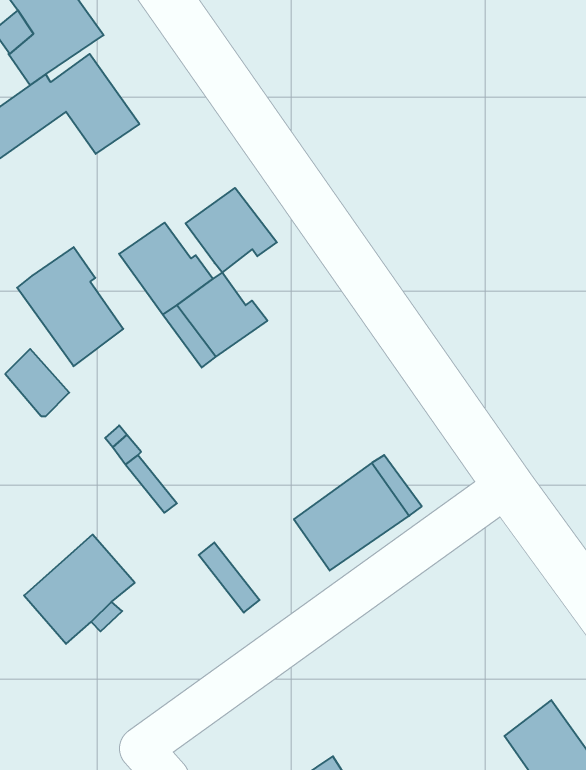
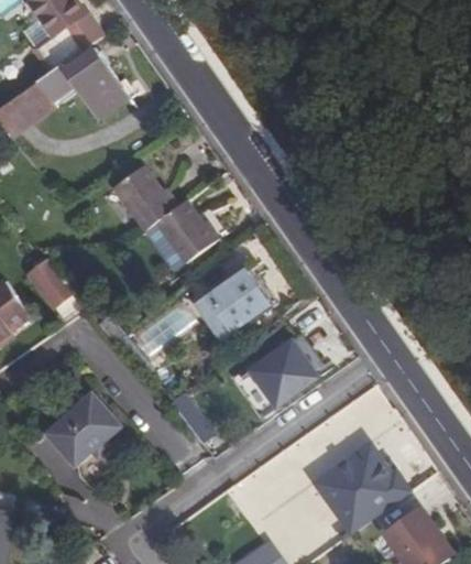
building: [186,188,277,272] -> none
building: [17,247,123,366] -> none
building: none -> [190,267,270,343]
building: none -> [320,444,416,532]

